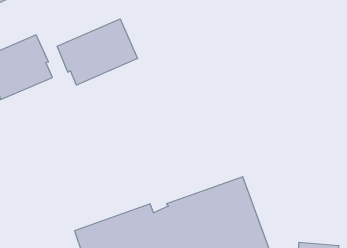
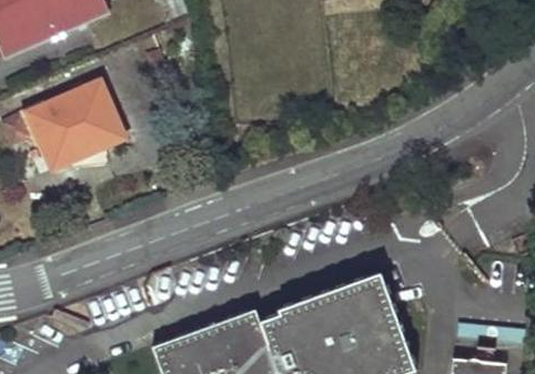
building: [57,19,137,85] -> none

